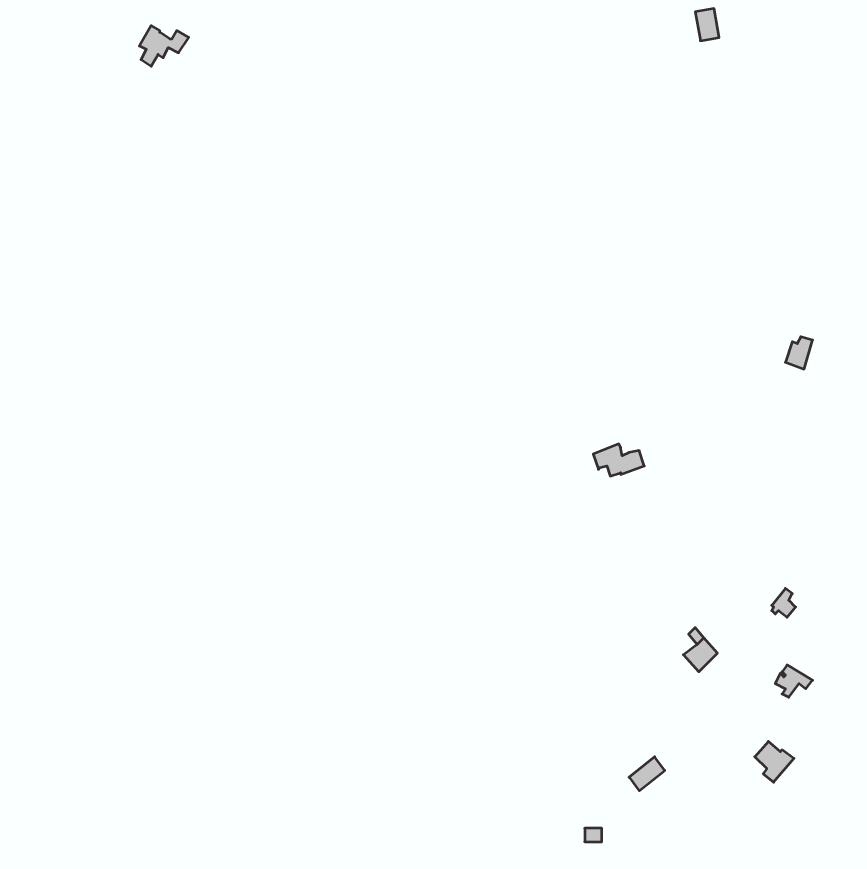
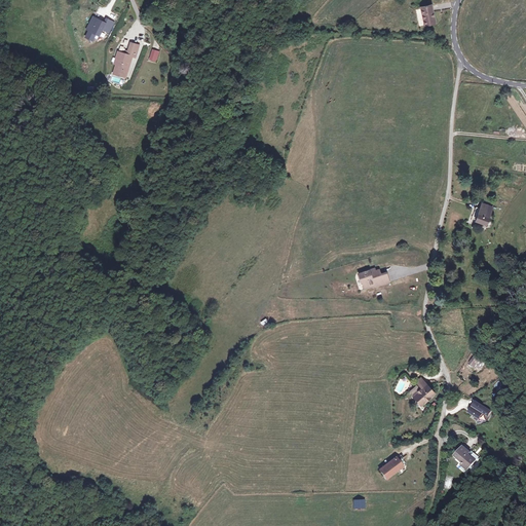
building: none -> [113,43,137,77]

